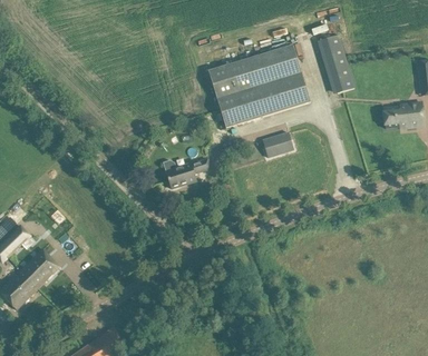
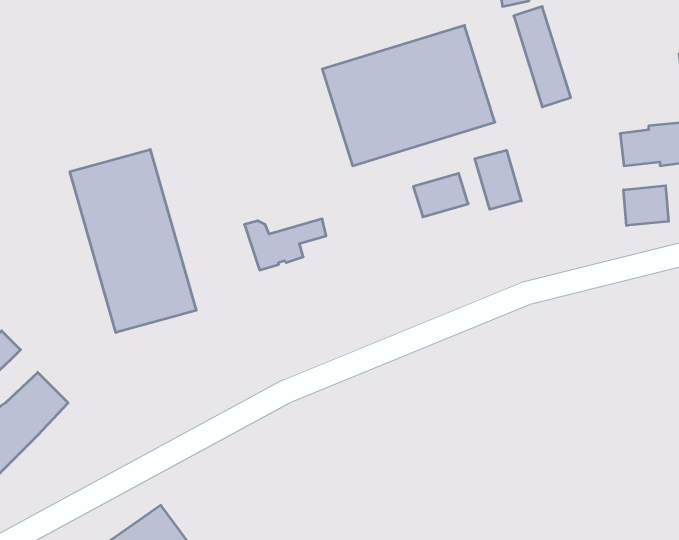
building: none -> [70,149,196,333]
building: none -> [475,150,521,209]
building: none -> [624,186,669,226]

